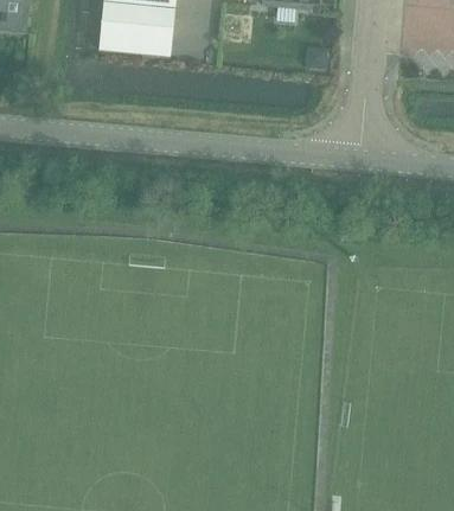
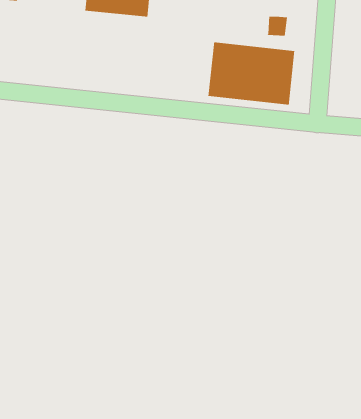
building: none -> [208,41,295,105]

